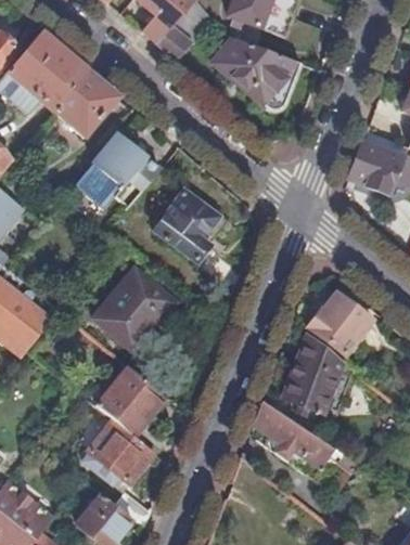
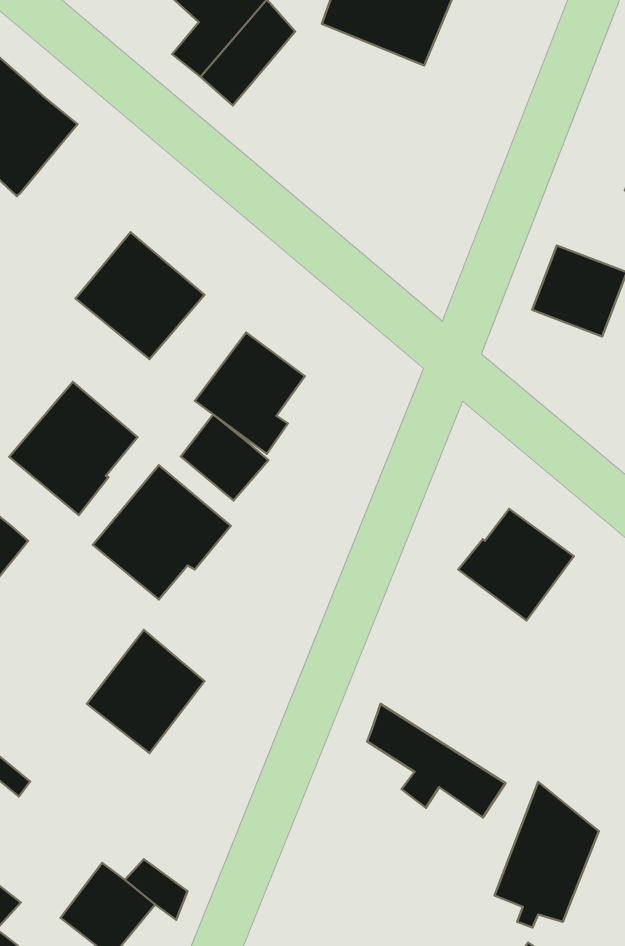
building: [210,37,299,111] -> none
building: [54,72,117,137] -> none
building: none -> [9,382,138,515]
building: none -> [181,414,268,501]
building: [282,333,342,416] -> [495,782,599,928]
building: [88,419,153,483] -> none

